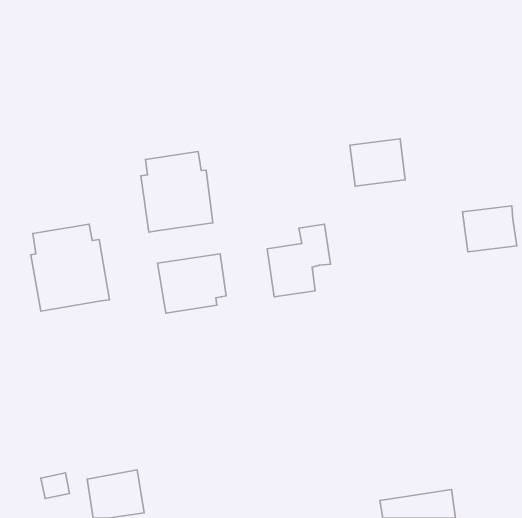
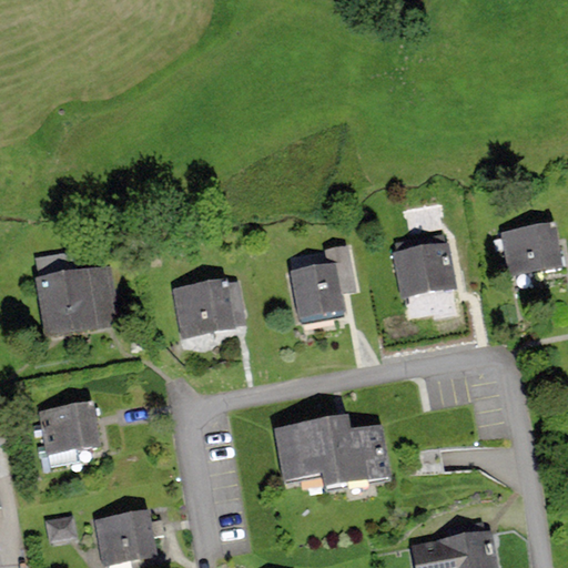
building: [350,139,405,186] -> [393,243,453,294]
building: [141,152,213,232] -> none
building: none -> [40,400,100,450]
building: none -> [273,415,392,489]

